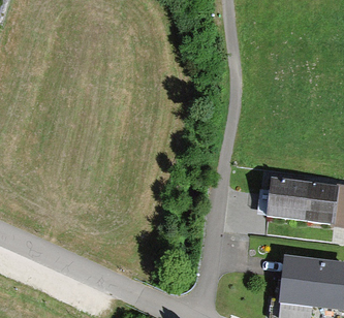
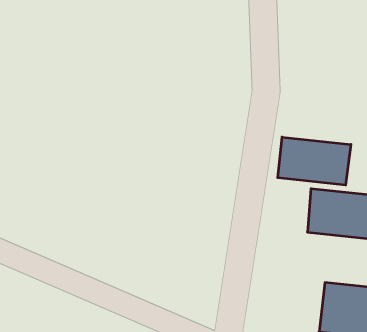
building: none -> [278,137,351,185]

